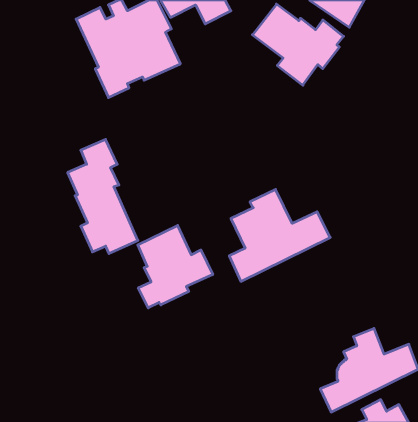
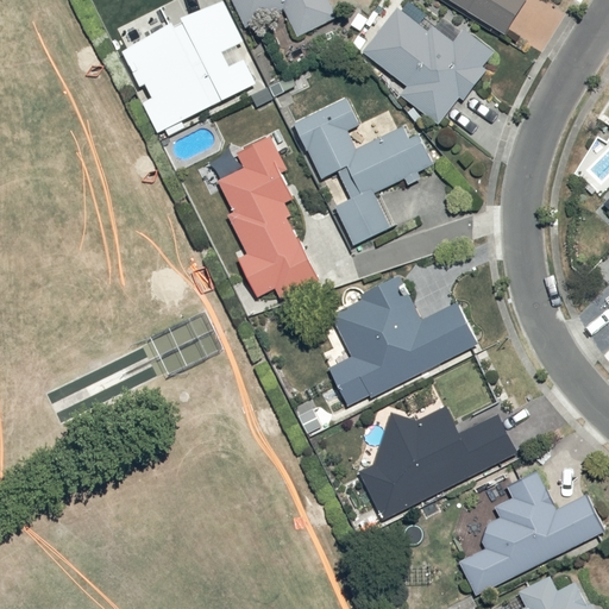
building: none -> [293,98,433,244]
building: [68,139,138,254] -> [218,133,319,297]
building: [138,225,213,308] -> none
building: none -> [358,414,515,515]

